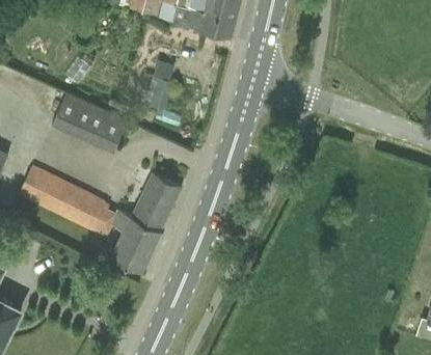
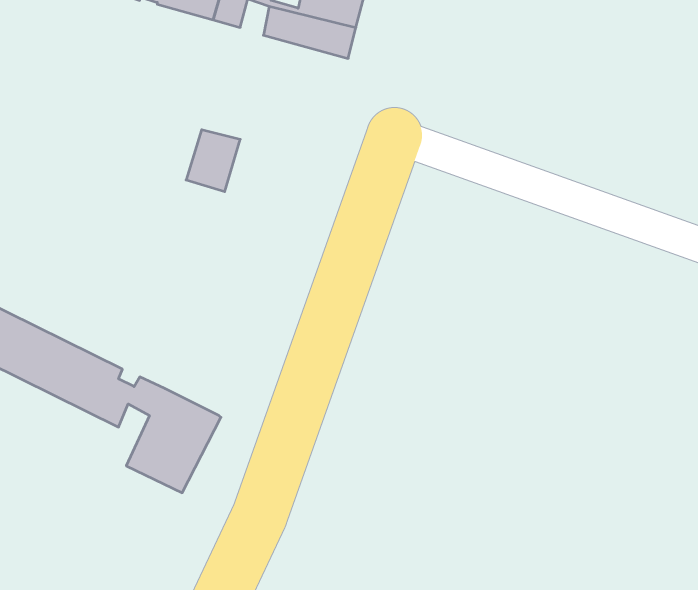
building: [52,92,128,151] -> none
building: [132,173,182,230] -> none

